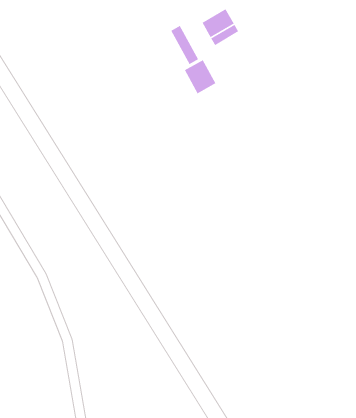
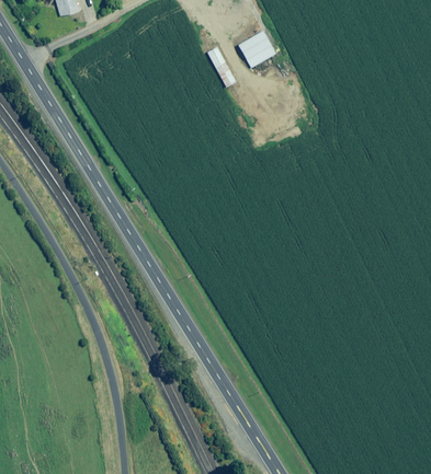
building: [184,59,216,94] -> none

